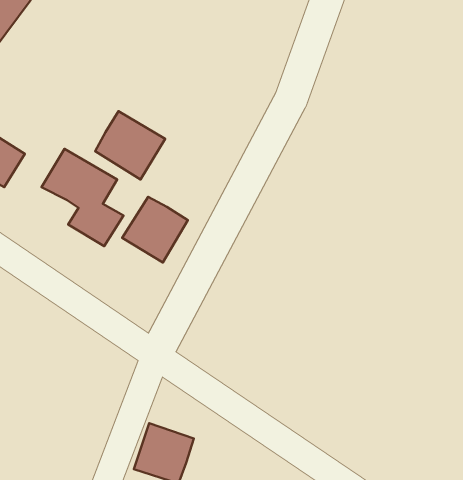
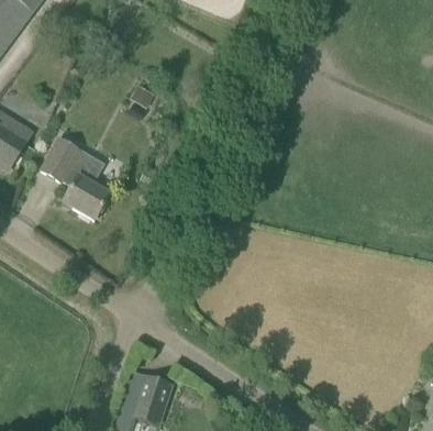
building: [95,111,165,179] -> none
building: [122,197,188,262] -> none

